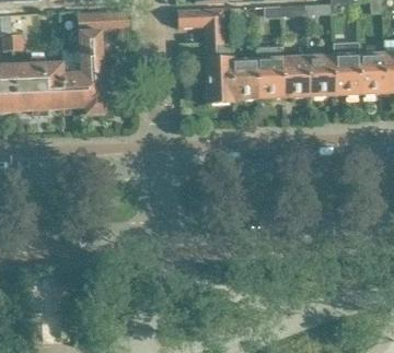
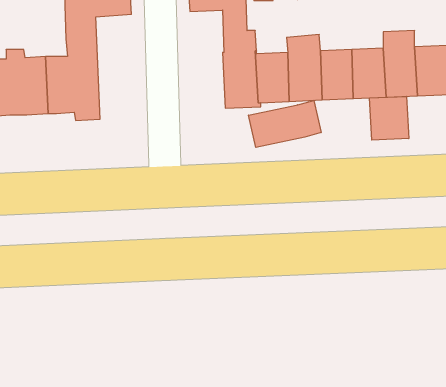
building: none -> [370,96,409,140]
building: none -> [249,100,321,147]

